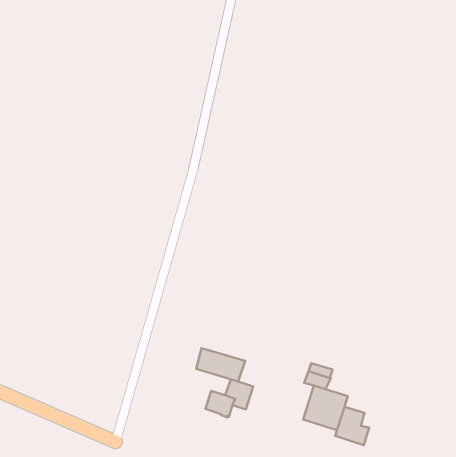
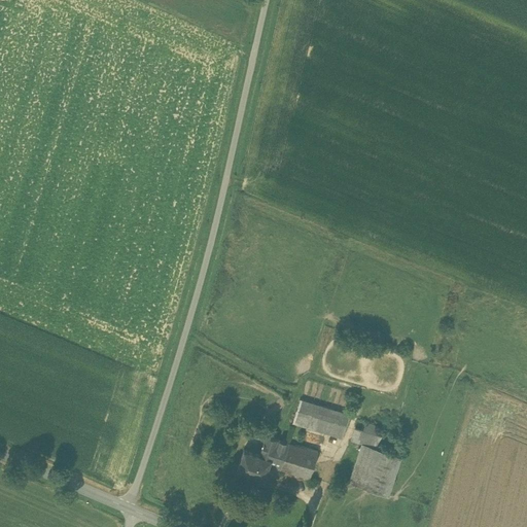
building: [196,348,245,381] -> [294,400,351,438]
building: none -> [284,445,318,480]
building: [335,407,369,445] -> none

